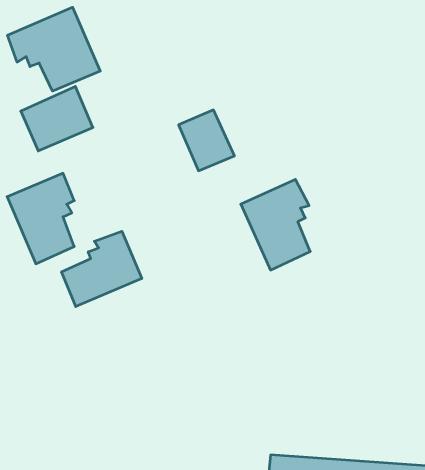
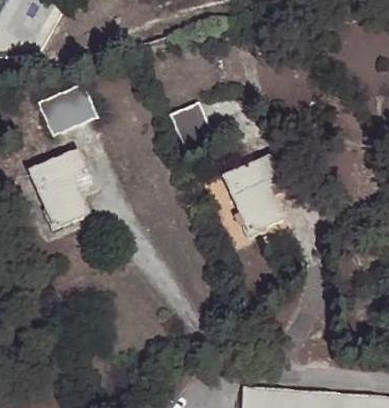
building: [8,7,100,91] -> none
building: [62,231,142,307] -> none

